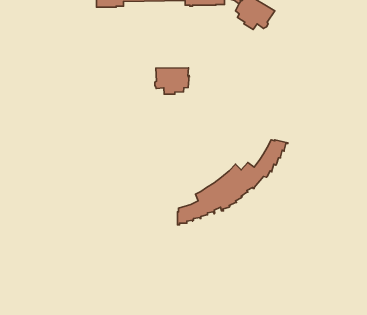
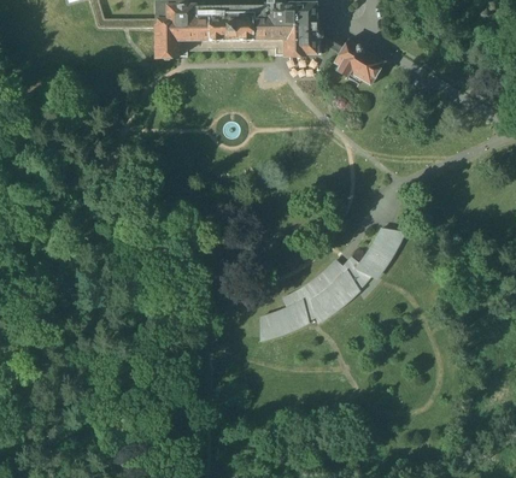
building: [155,68,189,94] -> none

